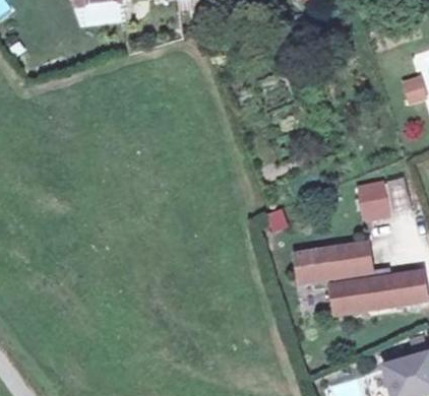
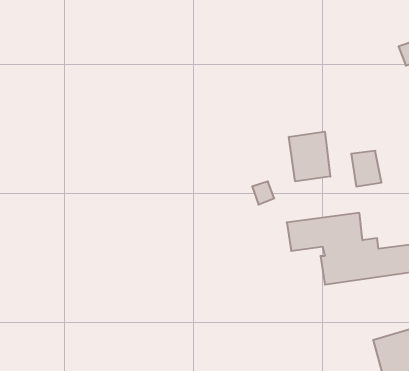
building: none -> [289,132,330,181]

